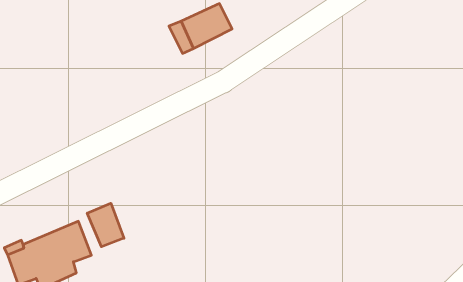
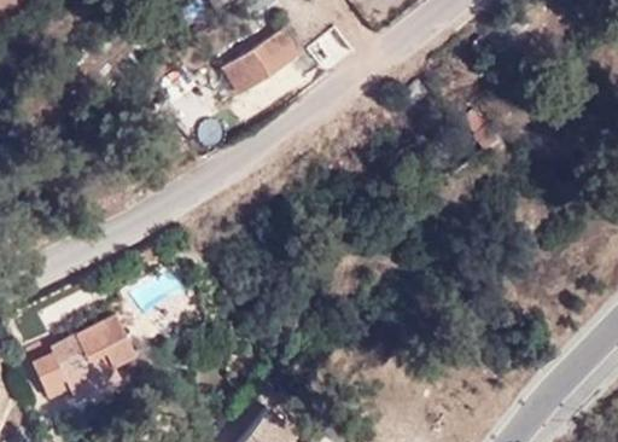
building: [87,203,124,247] -> none

